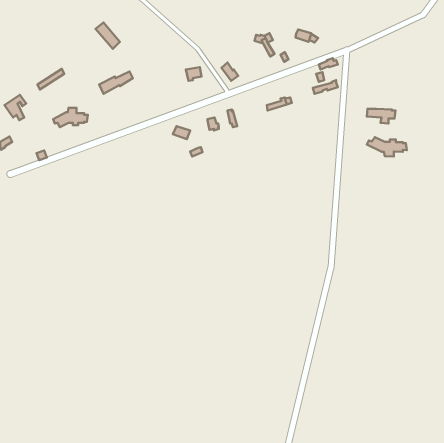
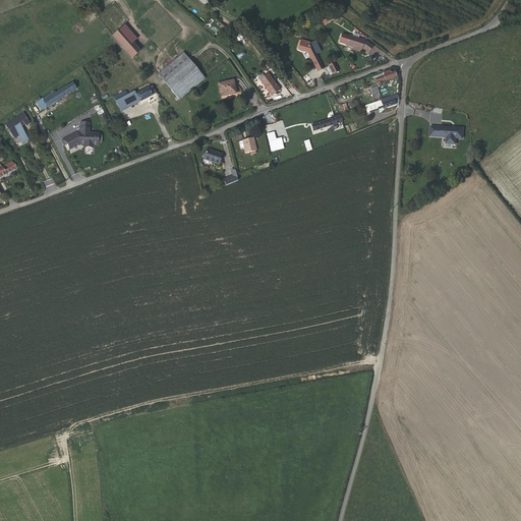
building: none -> [158,51,205,98]
building: [367,137,407,157] -> none

